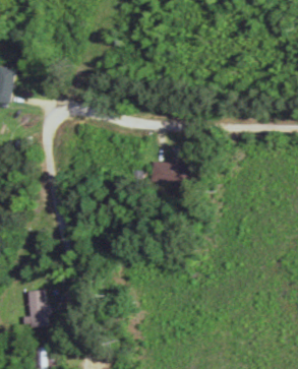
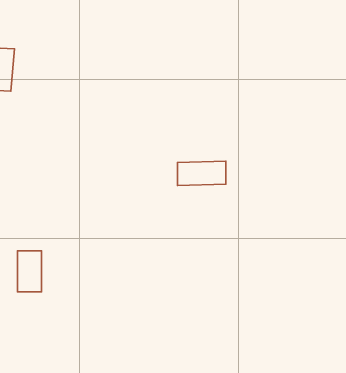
building: [27,292,48,326] -> [17,251,42,292]

